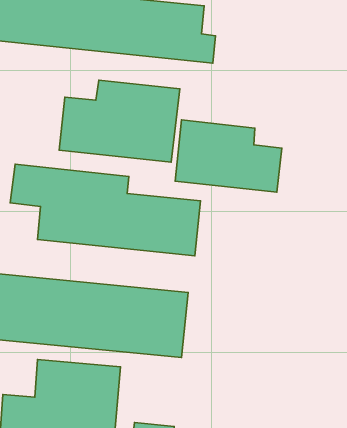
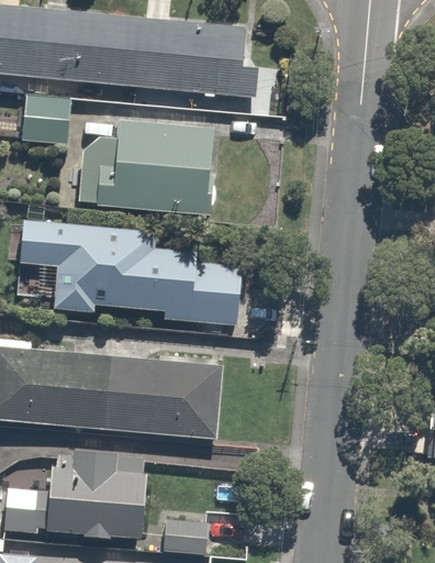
building: none -> [22,93,74,150]
building: [175,120,282,192] -> none

